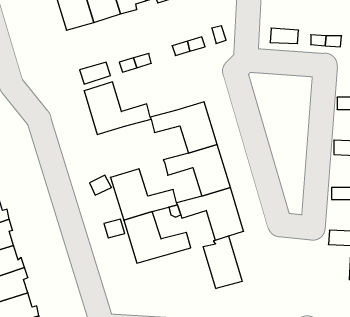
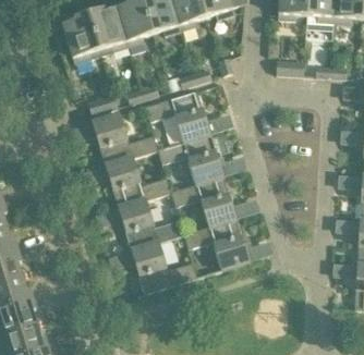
building: none -> [144,89,210,140]
building: none -> [105,156,171,207]
building: [203,236,242,289] -> none

